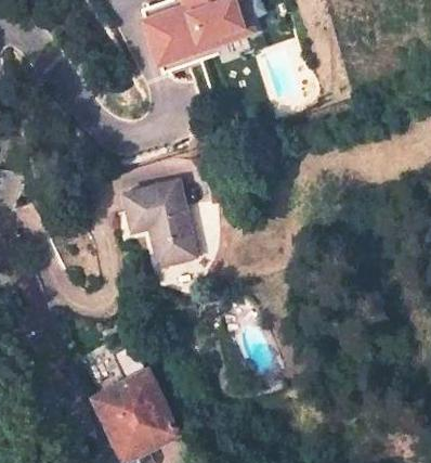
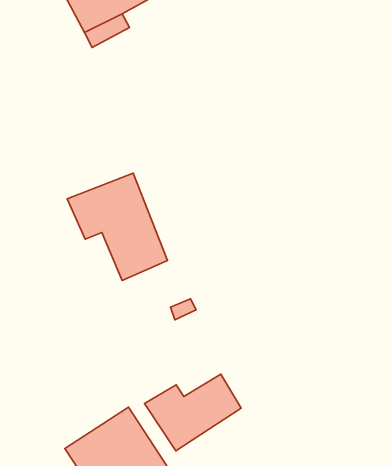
building: none -> [145,374,241,451]

